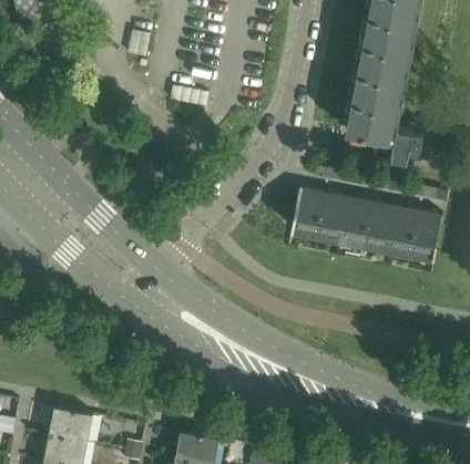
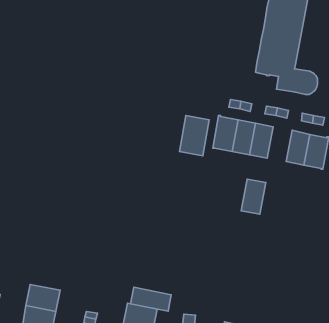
building: none -> [179,116,209,156]
building: [362,202,395,247] -> [241,179,266,214]
building: none -> [131,287,171,311]

